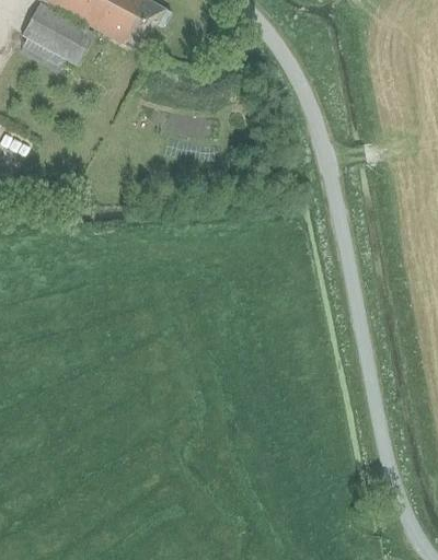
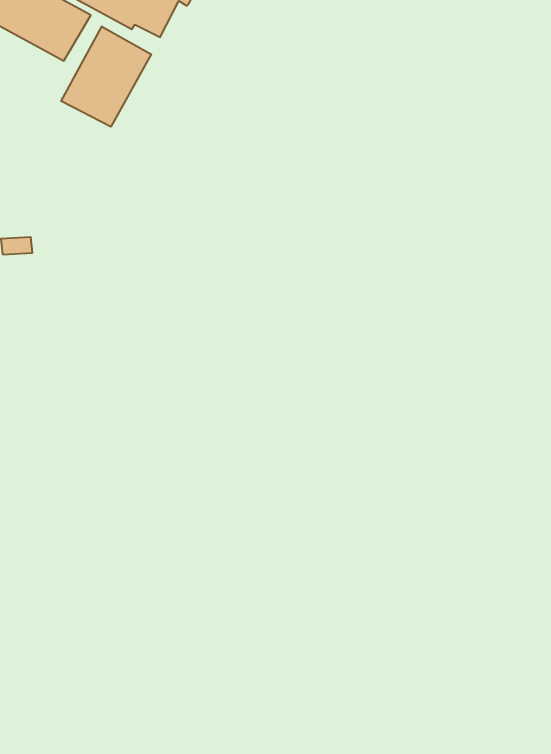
building: none -> [61,26,151,127]

